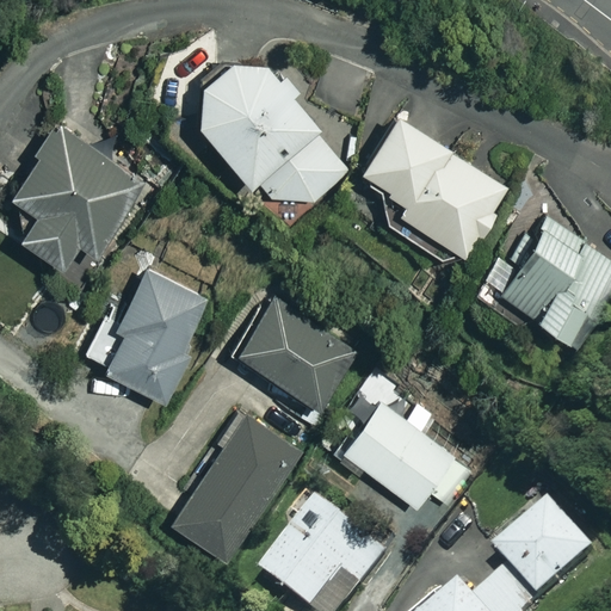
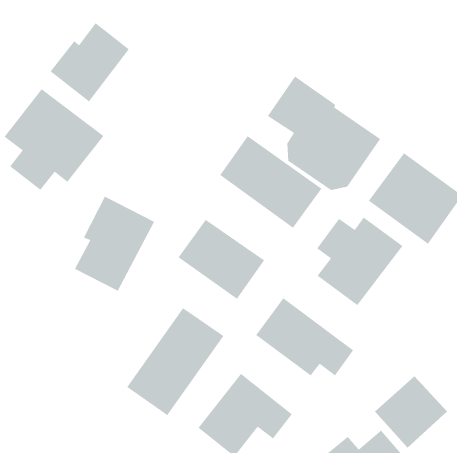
building: none -> [49,22,130,102]
building: [195,55,348,204] -> none
building: none -> [219,135,322,229]
building: none -> [316,217,404,306]

